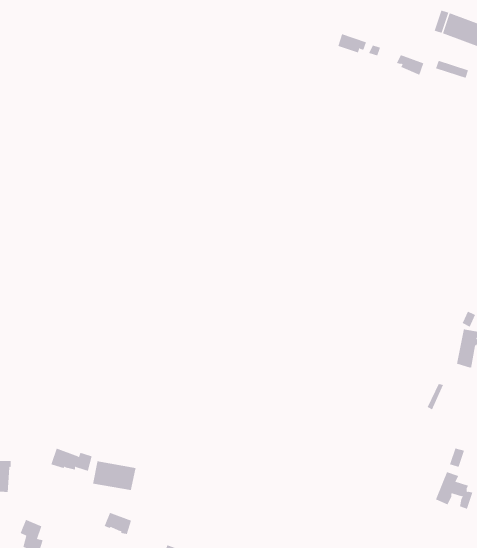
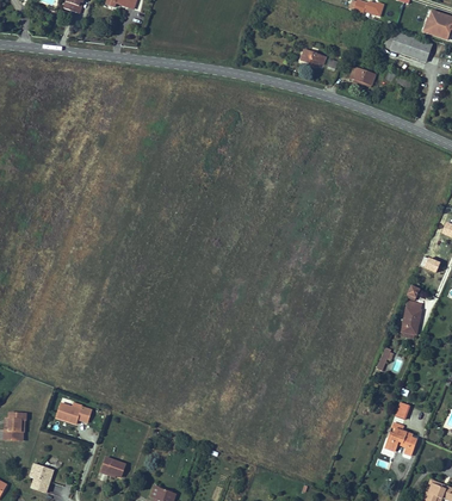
building: [92,461,136,491] -> none

